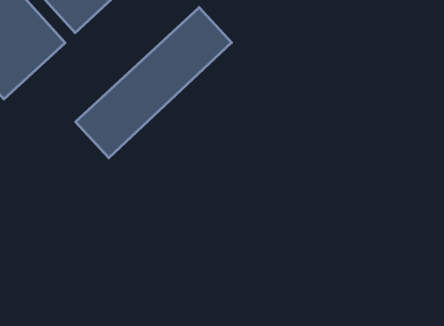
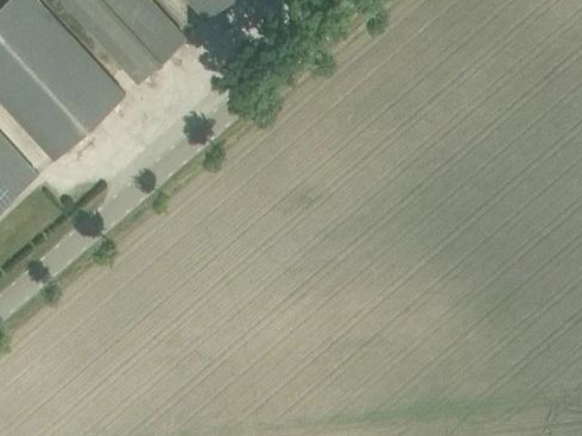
building: [76,7,232,158] -> none

